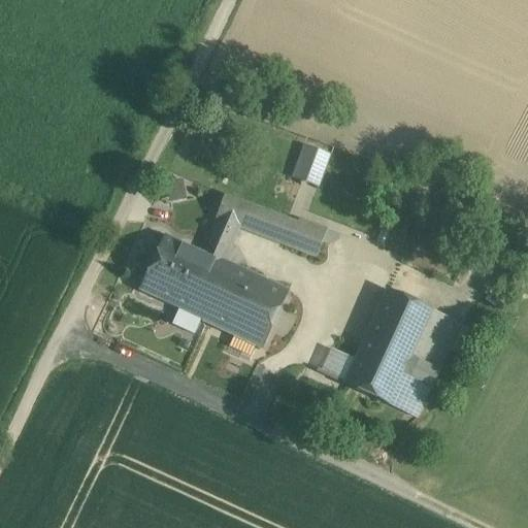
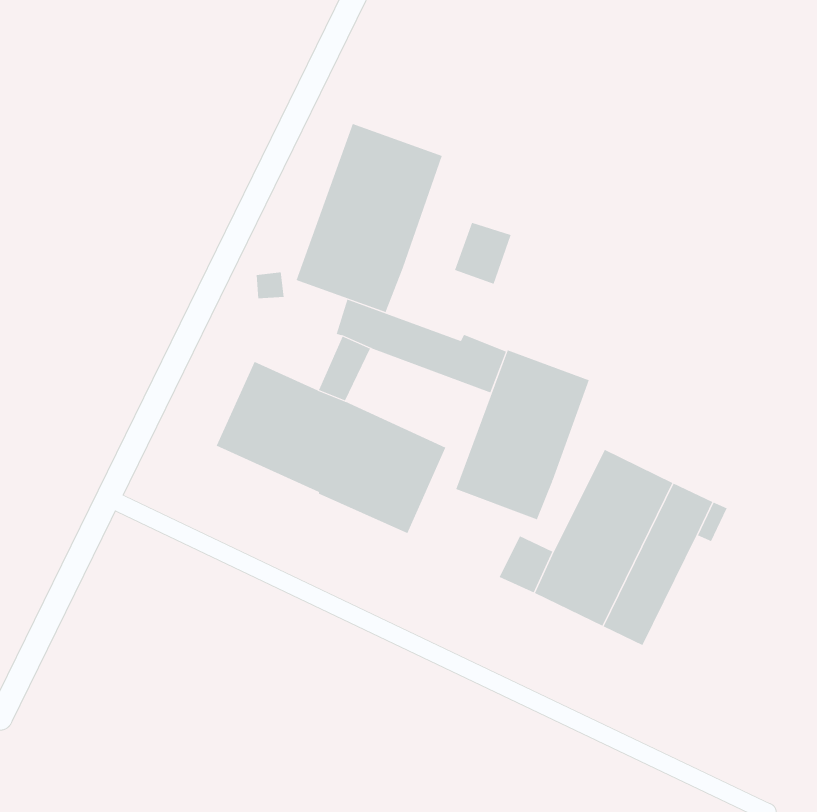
building: none -> [296,123,443,313]
building: none -> [455,349,589,520]

